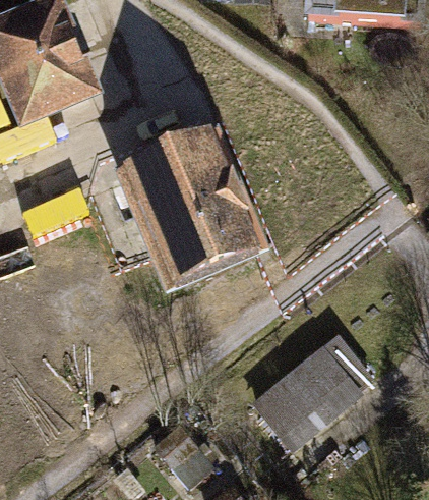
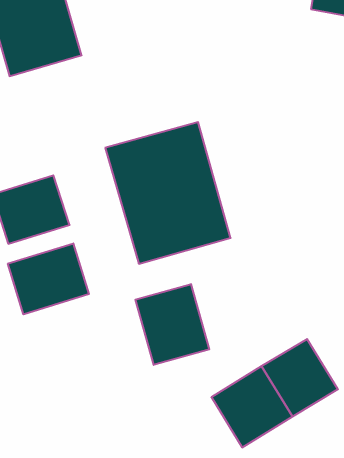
building: none -> [8,243,89,314]
building: none -> [135,284,209,365]

